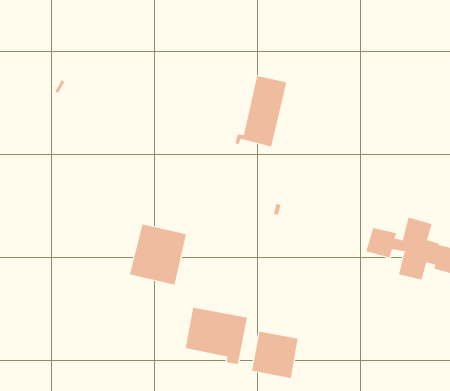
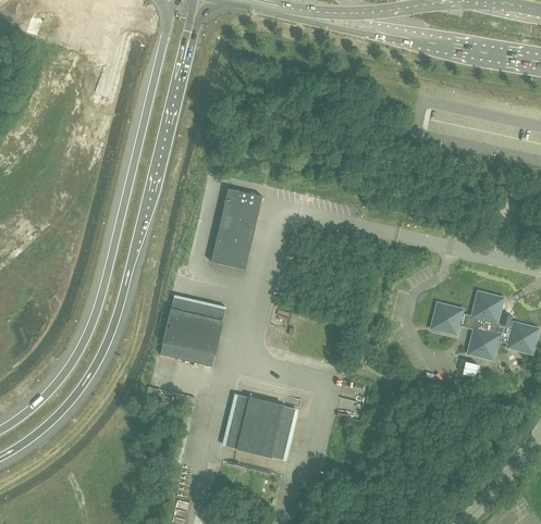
building: [234,75,287,147] -> [202,188,262,270]
building: [251,331,298,379] -> none

